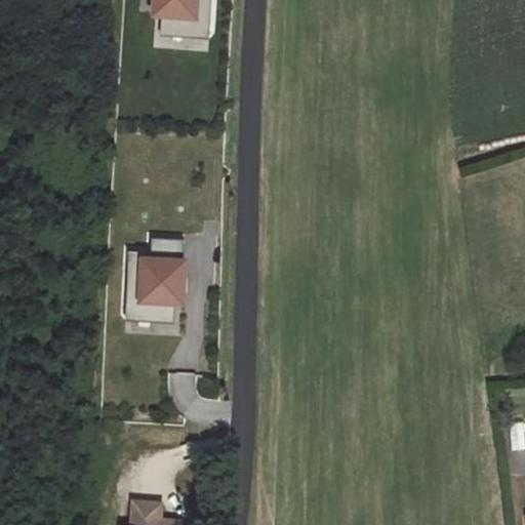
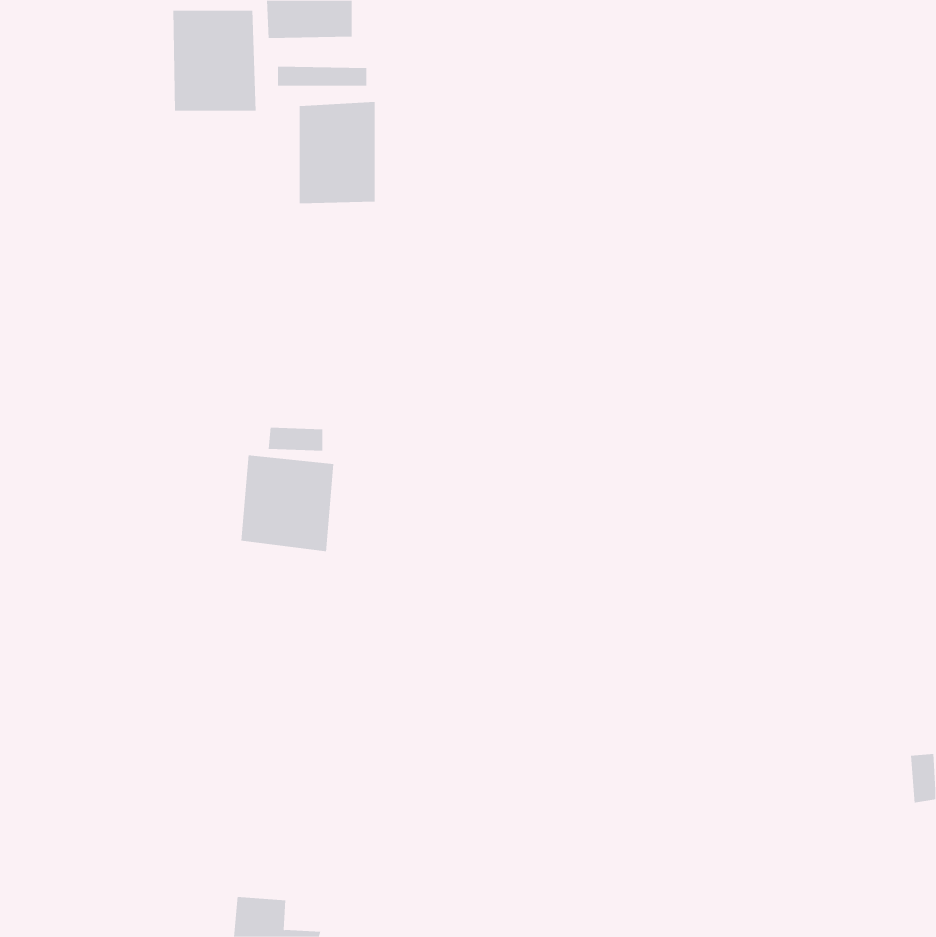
building: none -> [173,10,256,111]
building: none -> [299,101,375,204]

